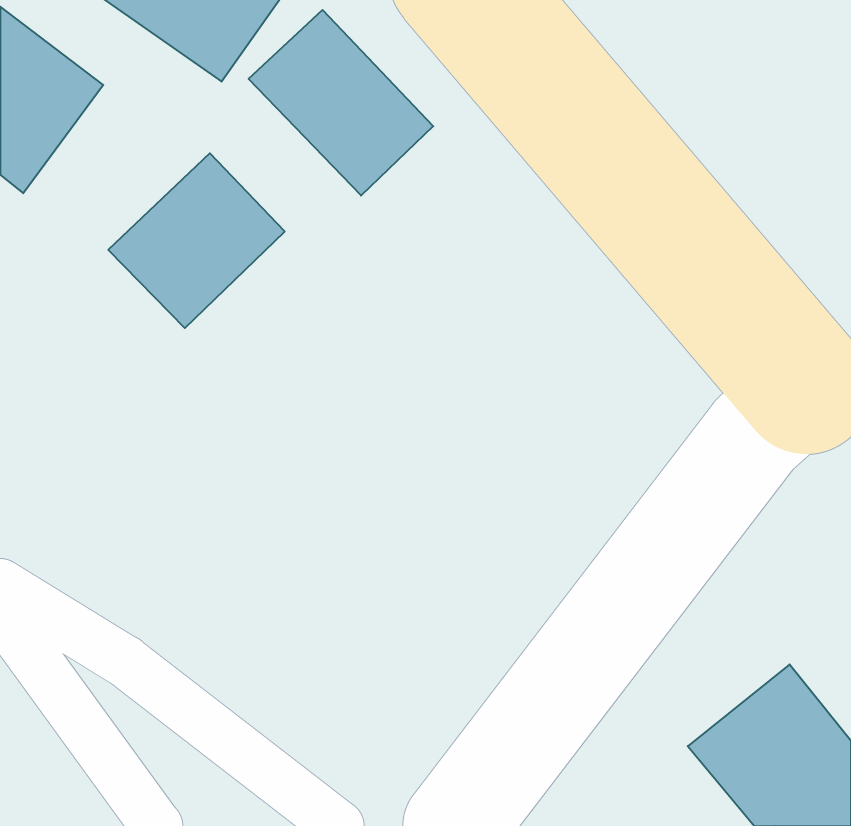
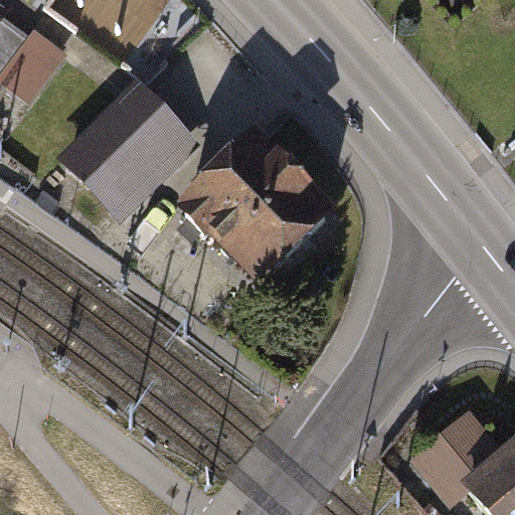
building: [249,10,433,196] -> none
building: none -> [183,132,338,287]

